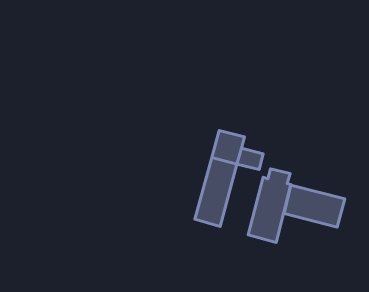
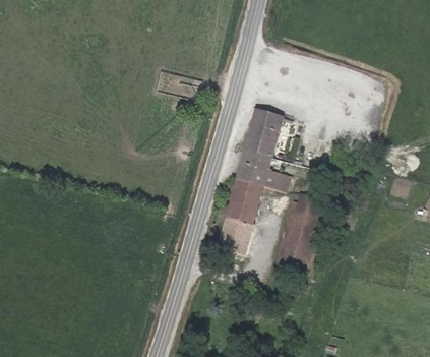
building: none -> [244,110,283,157]
building: [284,185,345,227] -> none

